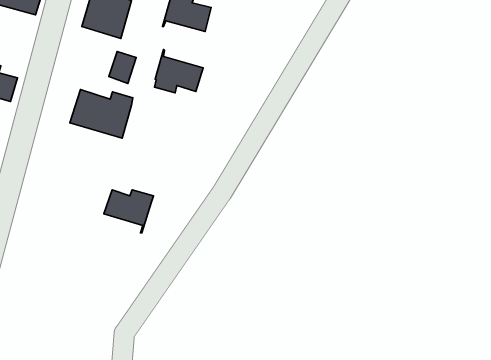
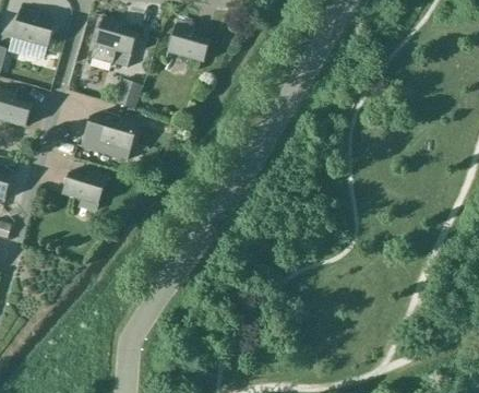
building: [155,49,203,93] -> none
building: [104,190,154,233] -> [60,172,106,212]

